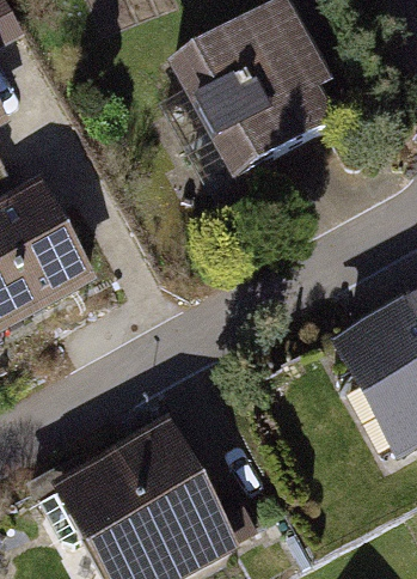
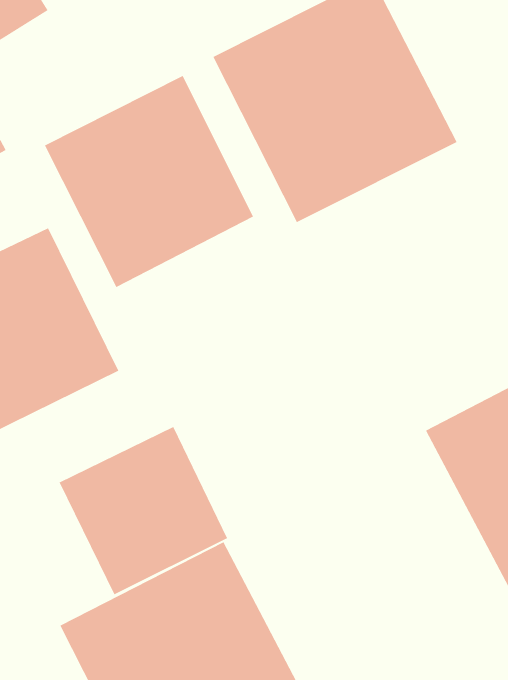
building: none -> [44,75,254,288]
building: none -> [59,426,228,595]

